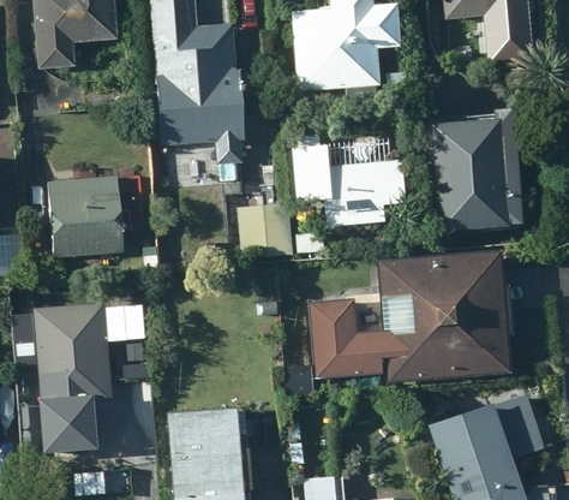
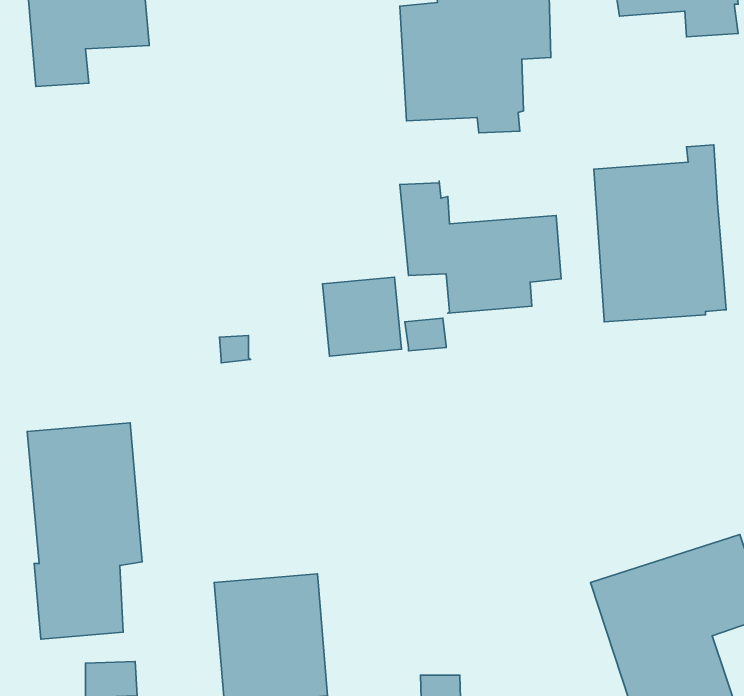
building: [150,19,245,162] -> none
building: [50,174,122,256] -> none
building: [309,250,508,382] -> none

